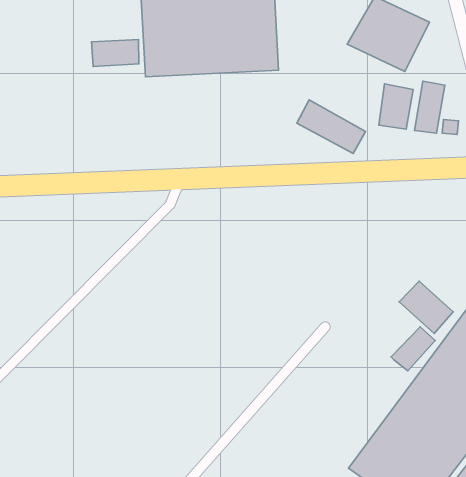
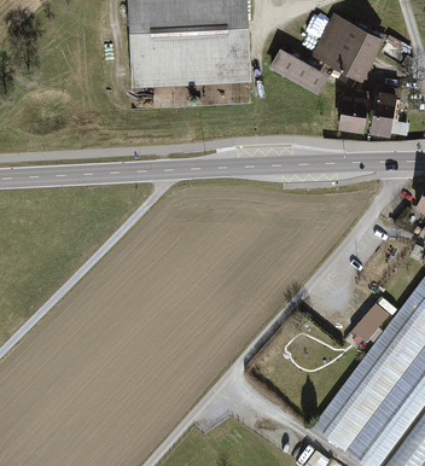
building: [91,39,139,66] -> none
building: [297,100,366,153] -> [269,47,330,94]
building: [399,281,453,333] -> none

